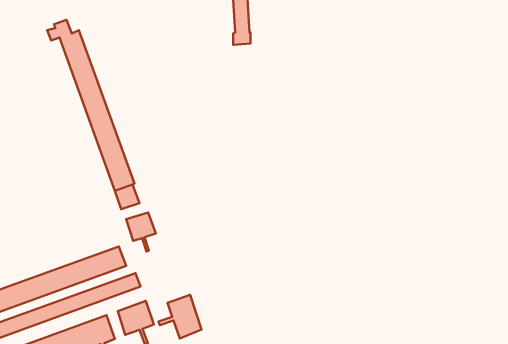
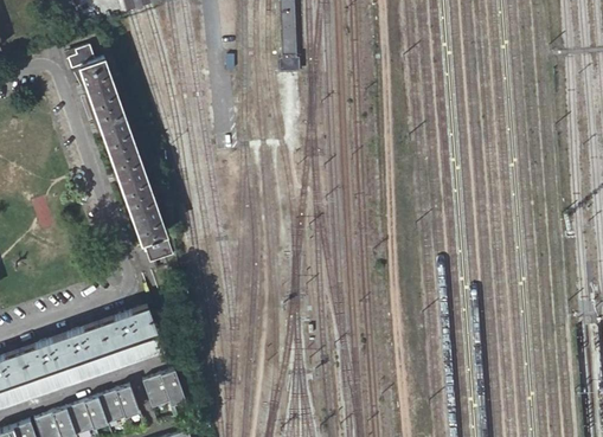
building: [126,213,156,251] -> none
building: [158,295,201,338] -> none

